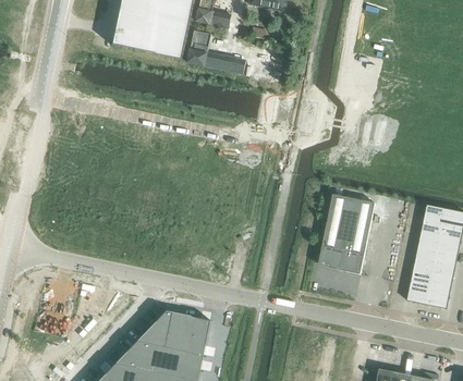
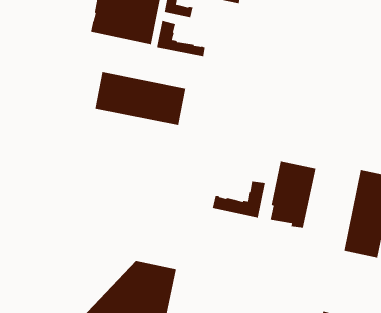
building: none -> [95,71,186,126]
building: none -> [212,180,266,218]

